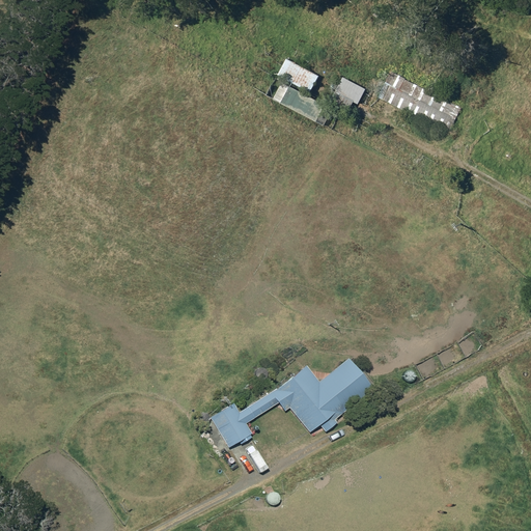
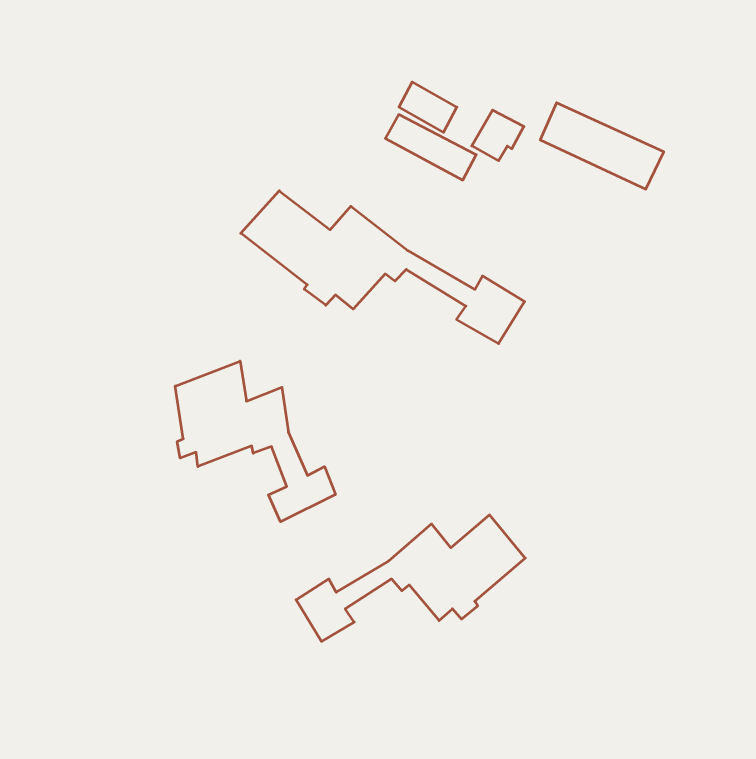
building: none -> [241,191,525,344]
building: none -> [175,361,335,522]

